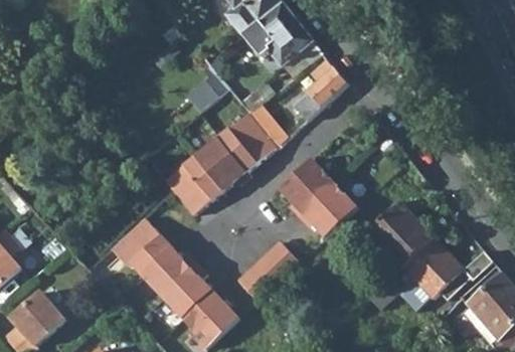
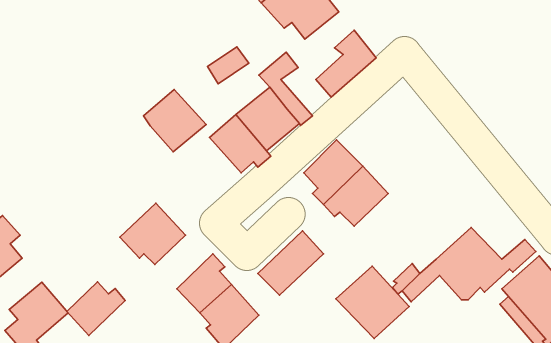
building: [165,158,222,215] -> [144,90,206,152]
building: [366,203,434,270] -> [336,266,409,338]
building: [143,247,196,297] -> [67,282,125,335]

